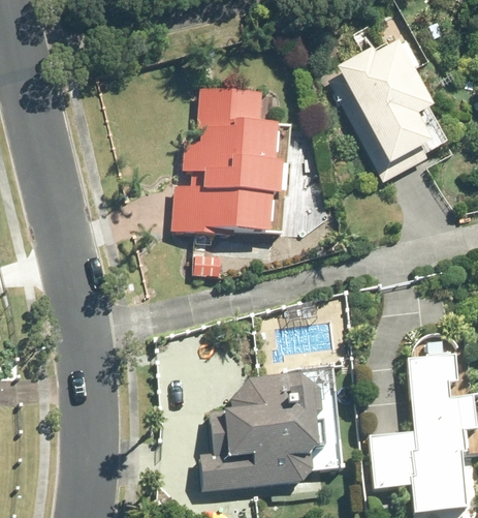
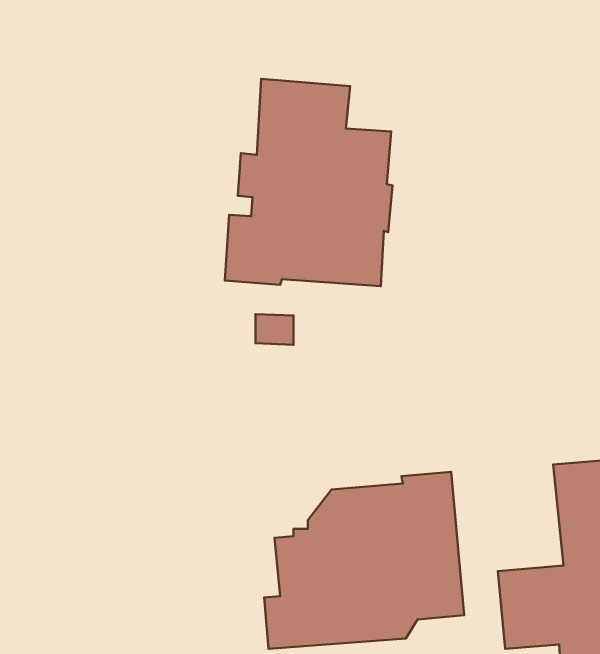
building: [332,39,431,180] -> none

